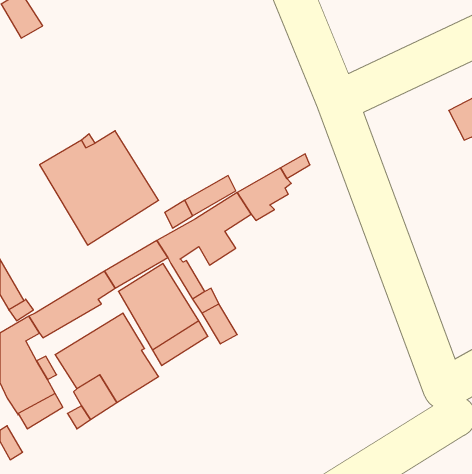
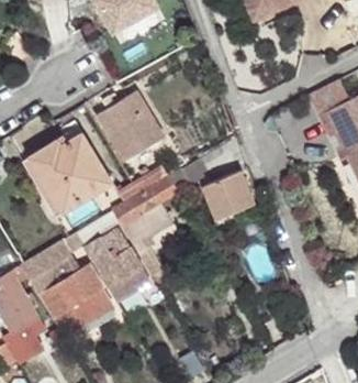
building: none -> [96,90,165,162]
building: none -> [203,171,255,220]

